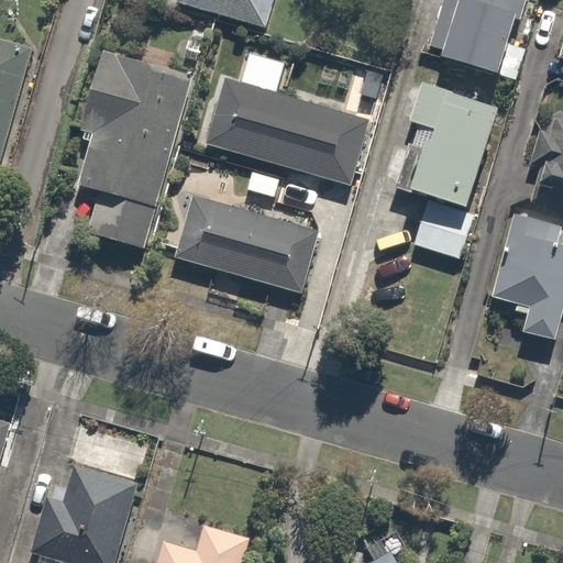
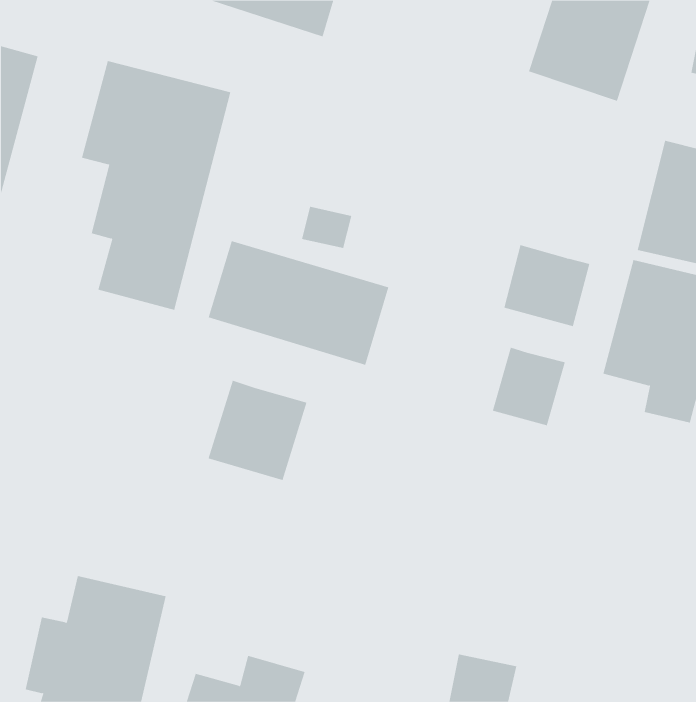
building: [203,80,363,185] -> none
building: [415,85,505,210] -> none
building: none -> [492,347,565,426]
building: none -> [208,380,307,481]

